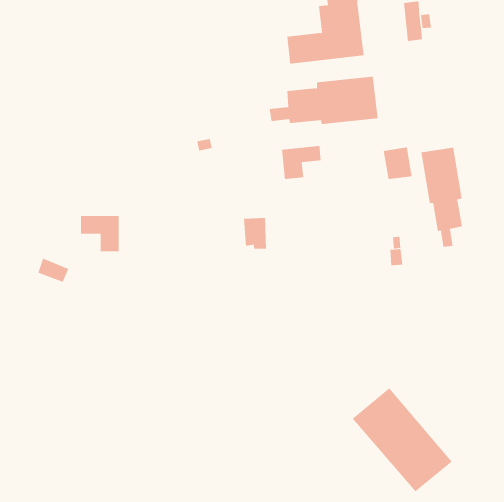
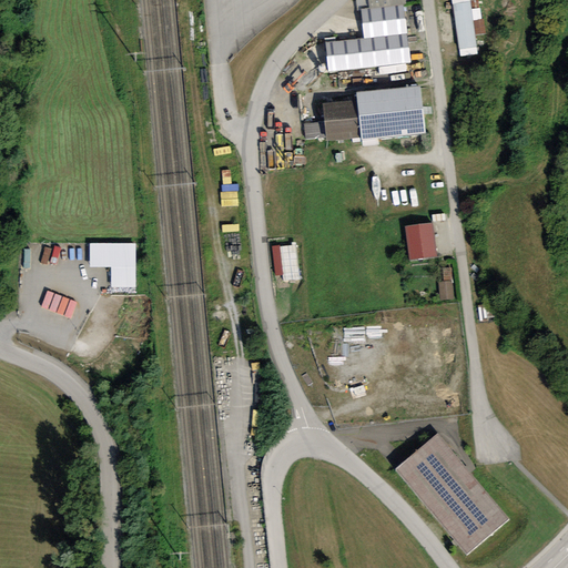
building: [281,145,321,180] -> none
building: [421,147,462,248] -> none
building: [383,147,413,180] -> [403,222,436,258]

